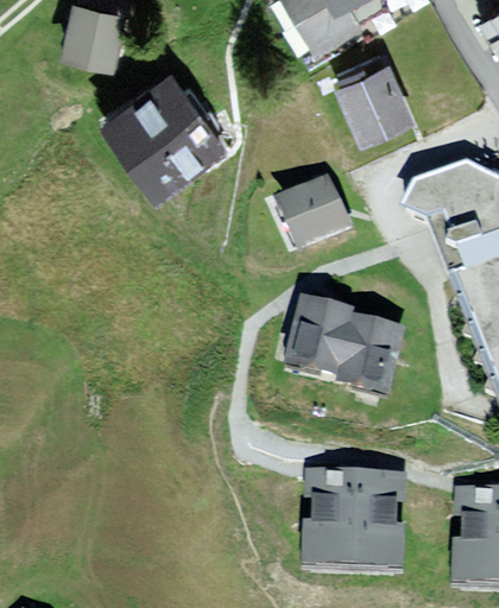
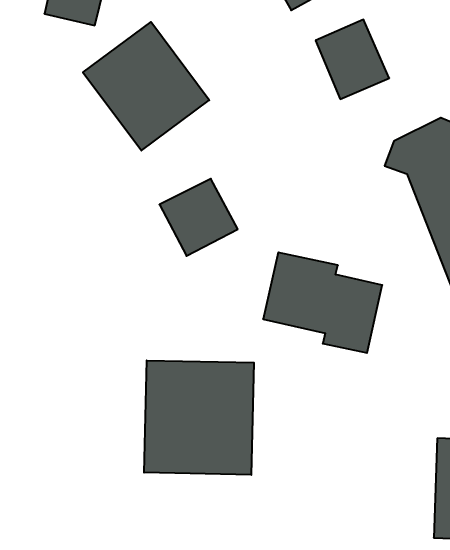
building: [272,172,352,251] -> [159,179,238,256]
building: none -> [144,360,254,475]
building: [302,468,404,571] -> none

